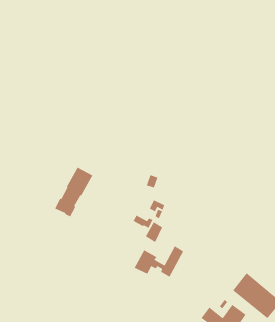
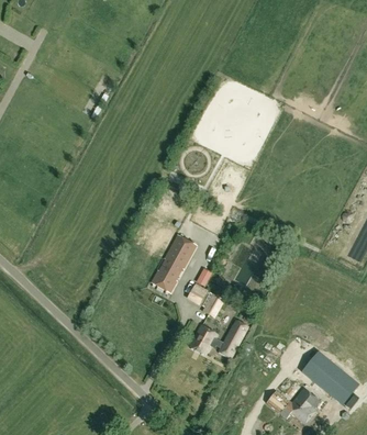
building: [54,166,93,217] -> [152,234,197,292]

